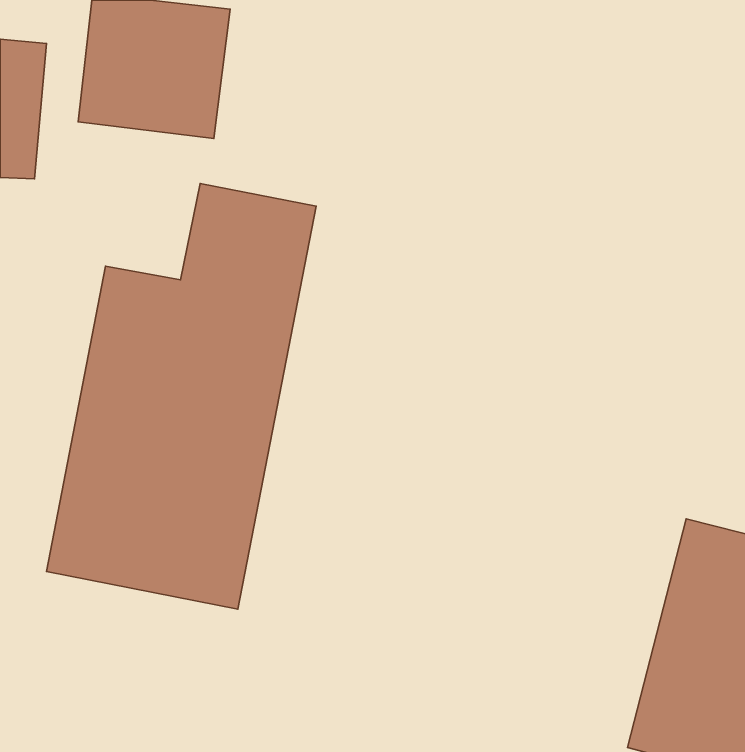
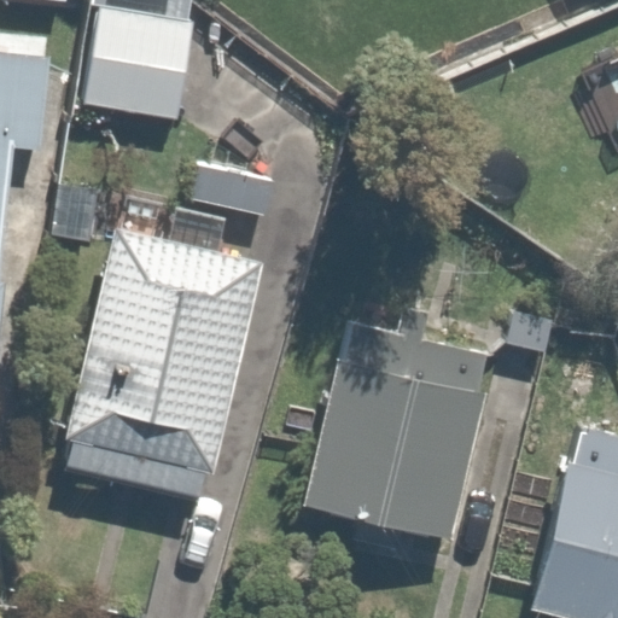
building: none -> [299,331,477,535]

